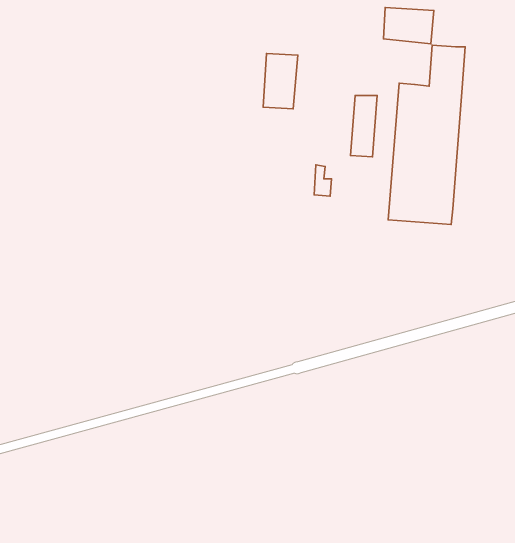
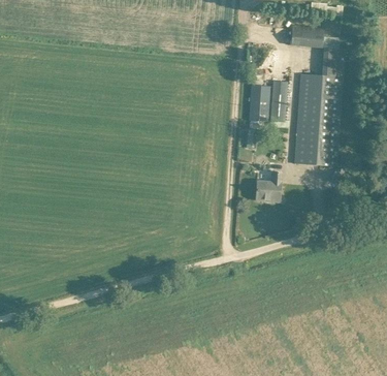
building: [263,54,298,109] -> [246,85,268,121]
building: none -> [254,171,280,201]

